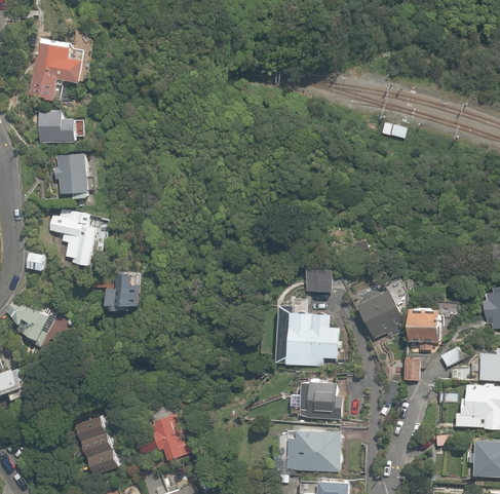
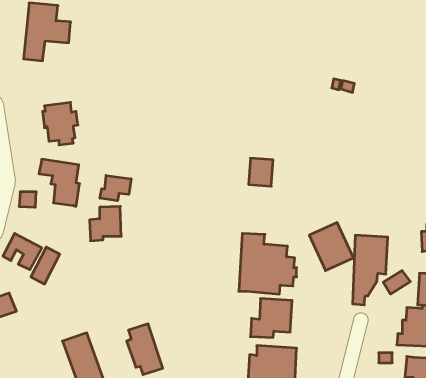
building: [37,110,83,145] -> none
building: none -> [100,175,131,201]
building: [304,262,332,294] -> [249,158,273,186]

